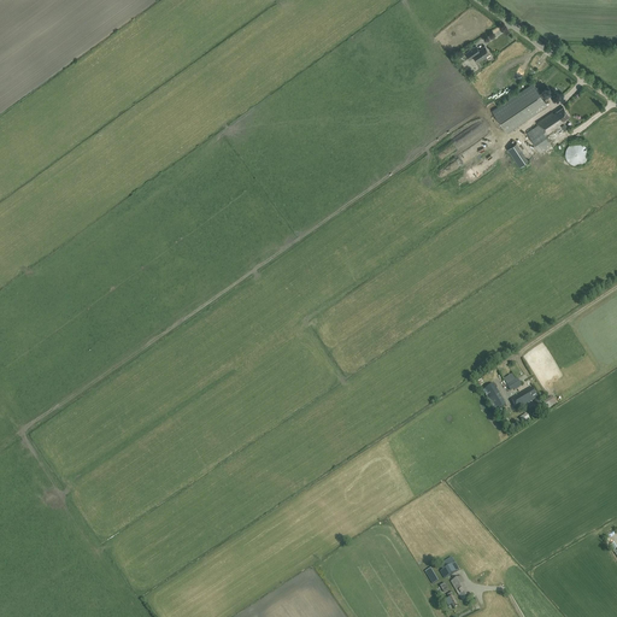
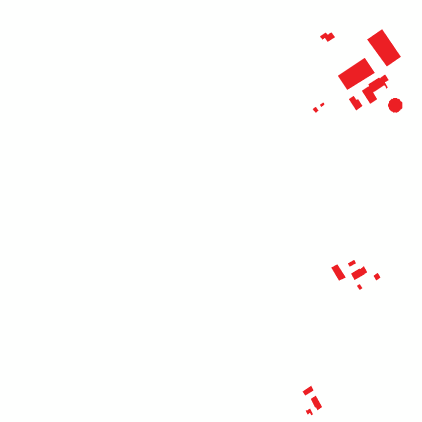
building: none -> [366,28,402,67]

